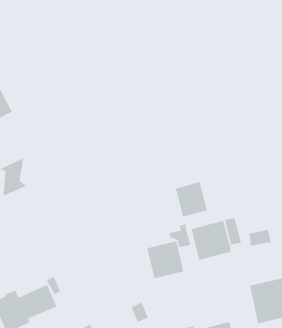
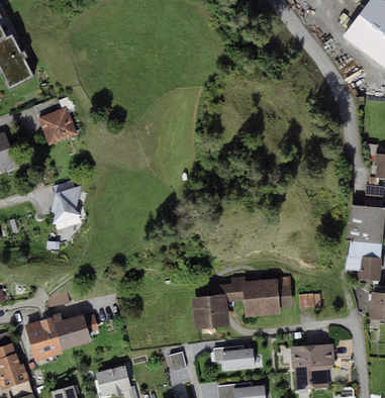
building: [175,181,208,217] -> none
building: none -> [212,344,254,368]

